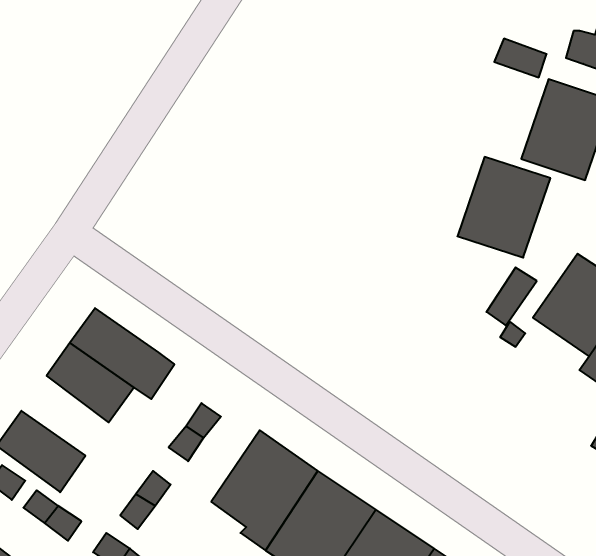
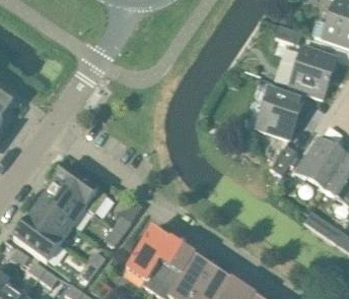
building: none -> [27,199,73,241]

